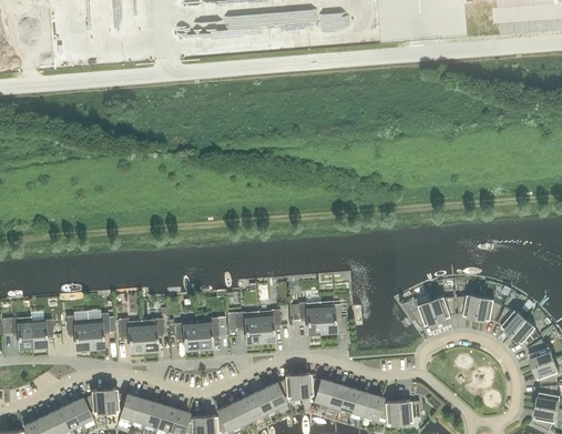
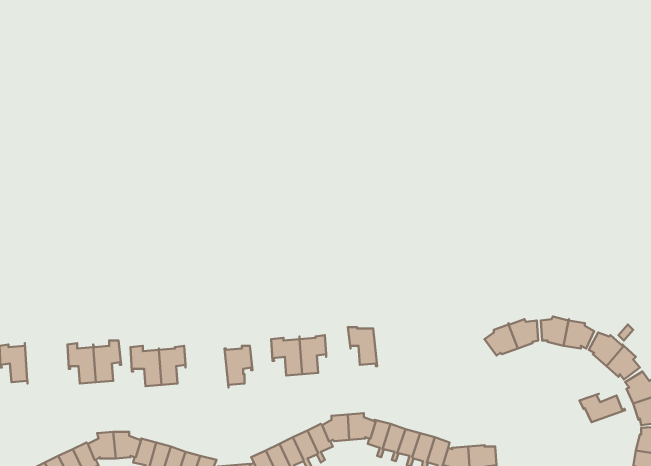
building: [319,302,348,335] -> none
building: [31,316,54,350] -> none
building: [168,320,200,353] -> none
building: none -> [580,394,625,422]

